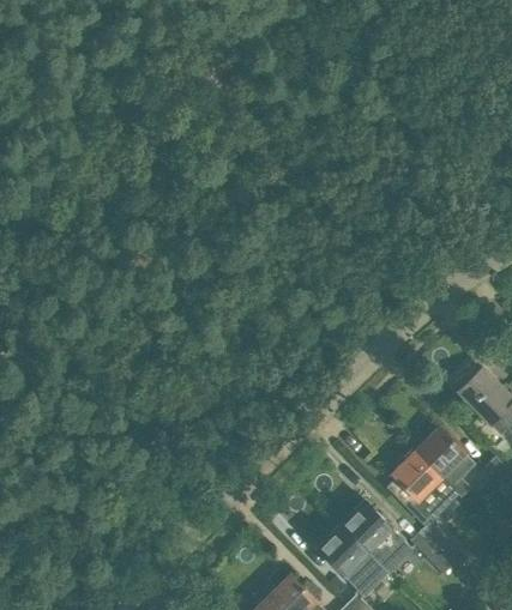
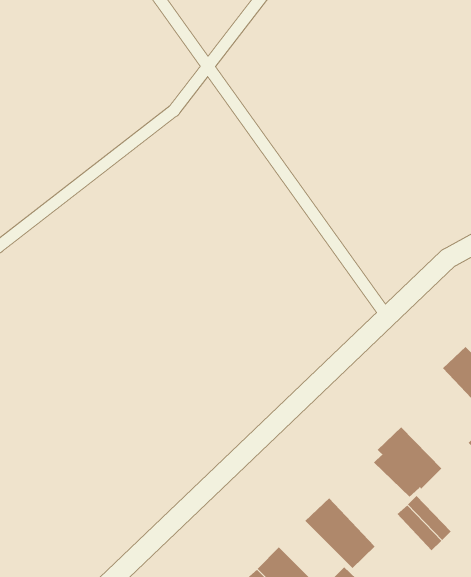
building: [416,427,477,499] -> none
building: [342,501,411,573] -> none

